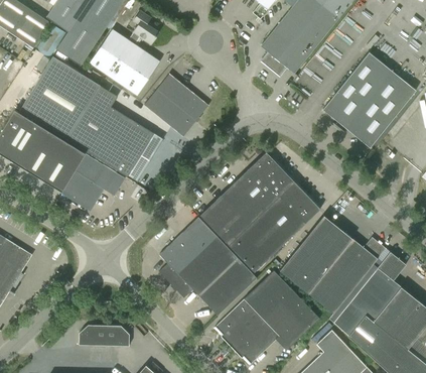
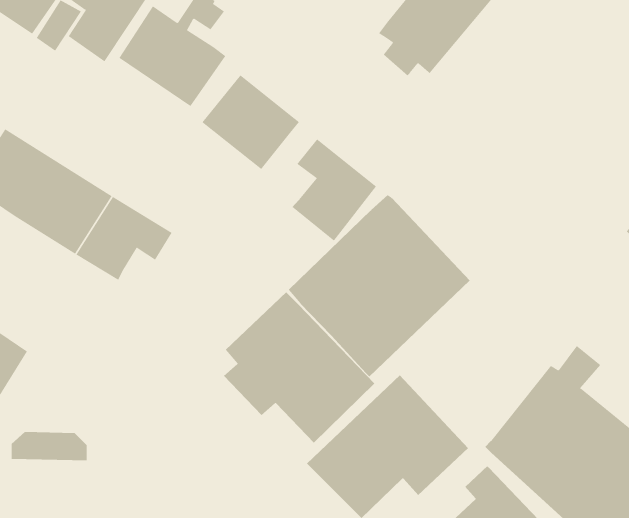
building: [322,52,416,147] -> none
building: [19,56,163,182] -> none
building: none -> [291,138,377,241]
building: [280,215,386,314] -> none
building: [79,325,129,344] -> [11,431,88,461]

